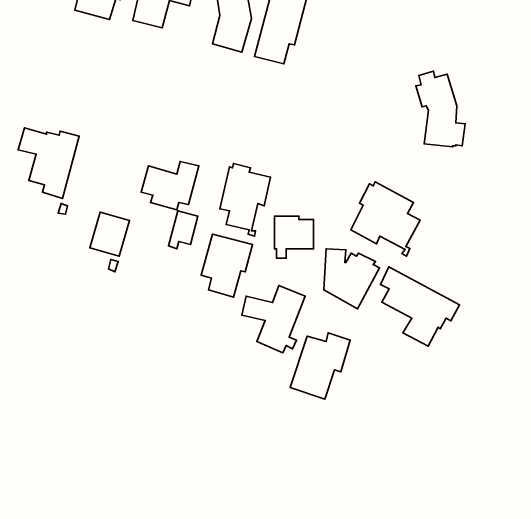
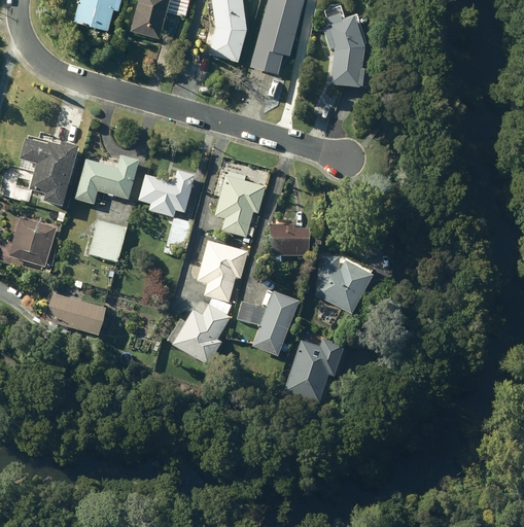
building: [416,71,465,147] -> [323,15,372,90]
building: none -> [74,152,140,203]
building: [351,182,420,256] -> none
building: none -> [9,215,58,266]
building: [381,267,459,346] -> none
building: none -> [41,293,105,350]
building: none -> [172,303,231,365]

